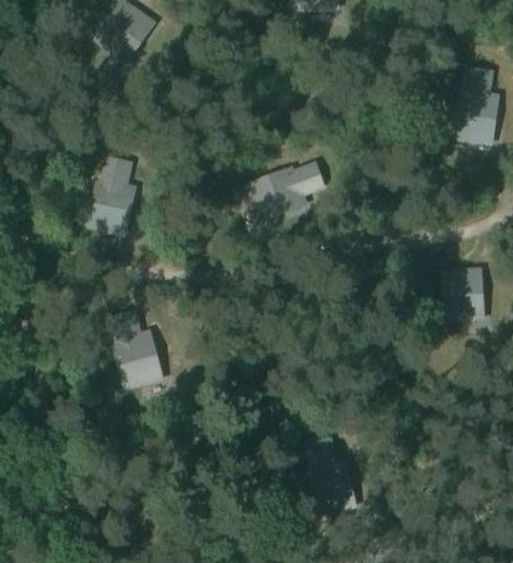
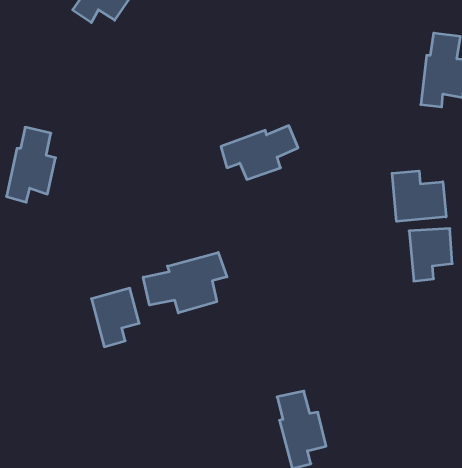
building: [86,156,137,233] -> [6,127,56,202]
building: none -> [392,171,446,221]
building: none -> [143,252,227,313]

